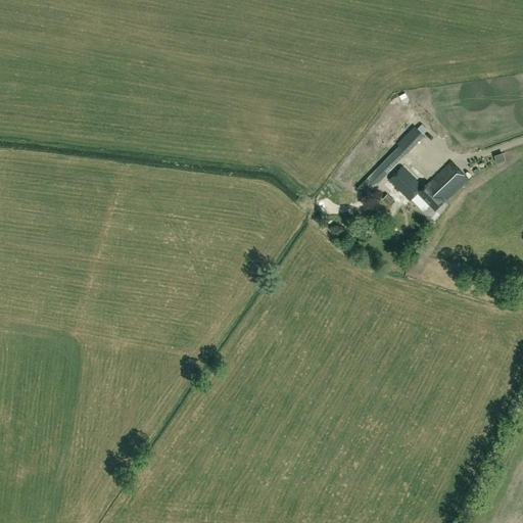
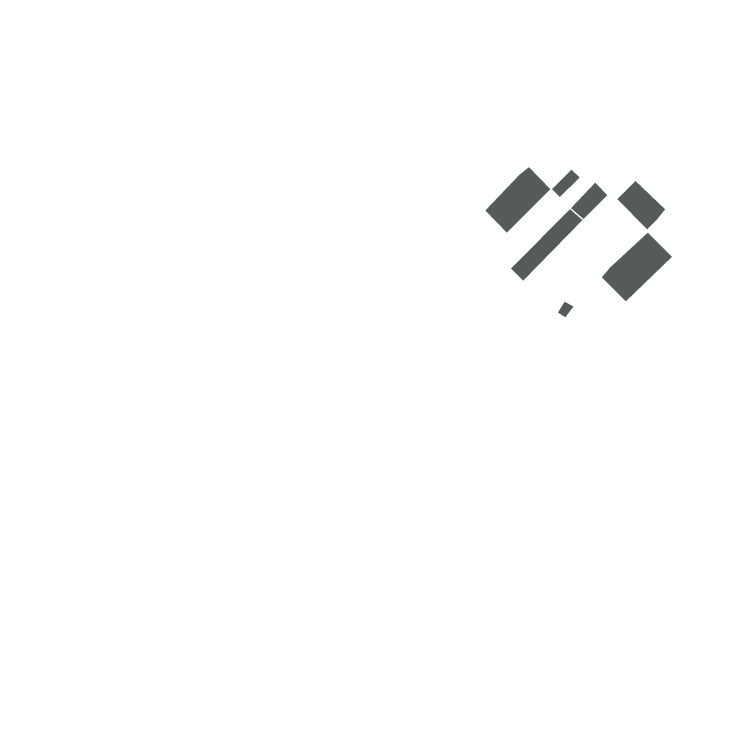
building: none -> [485,166,551,234]
building: [389,168,424,202] -> [616,180,666,230]

